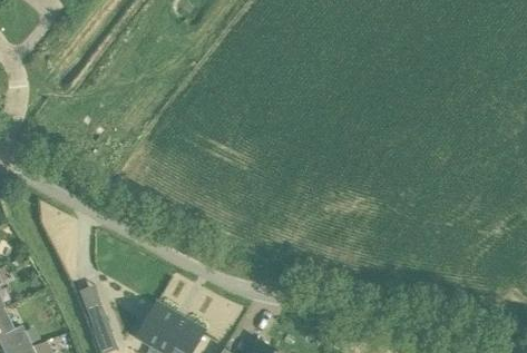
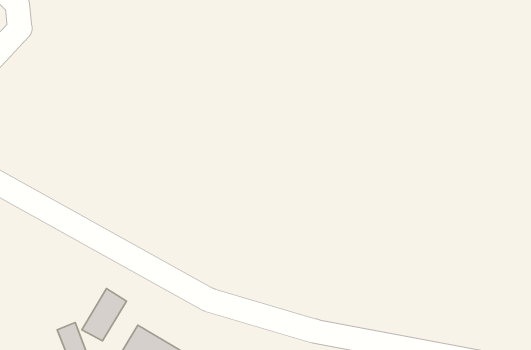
building: none -> [82,288,127,341]

